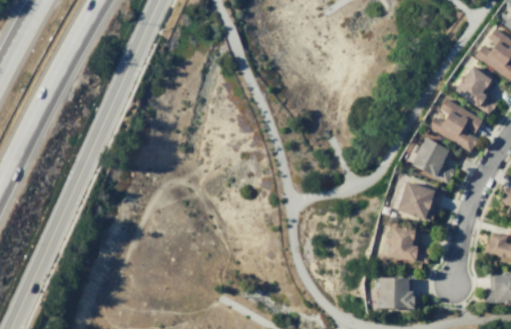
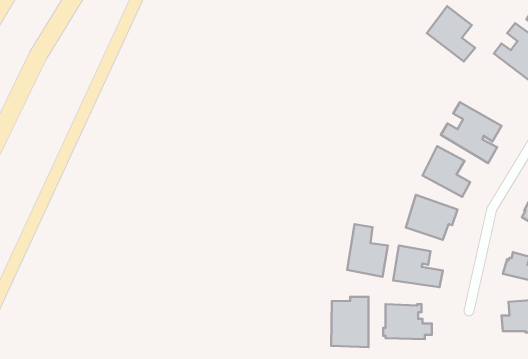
building: [454,66,497,115] -> [427,6,475,61]
building: none -> [347,224,388,277]
building: none -> [331,297,369,347]

